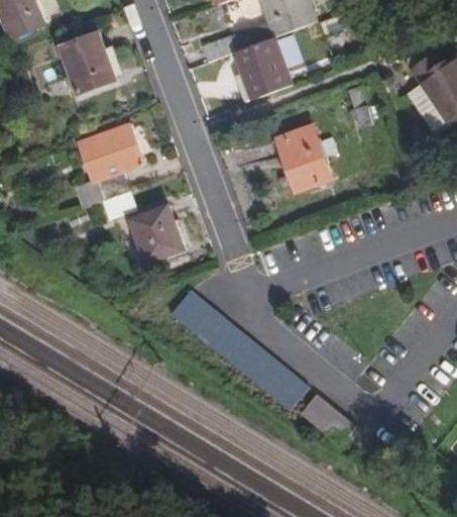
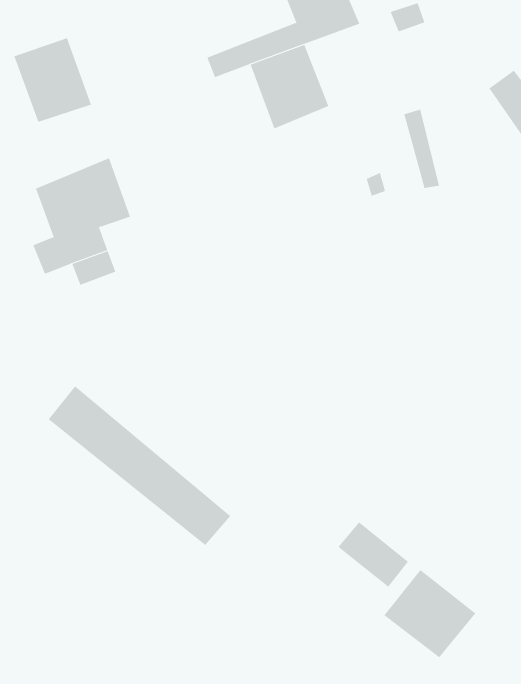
building: [275,125,332,191] -> none
building: [127,206,183,265] -> none
building: [169,289,307,409] -> [48,385,231,546]
building: none -> [383,569,476,658]

